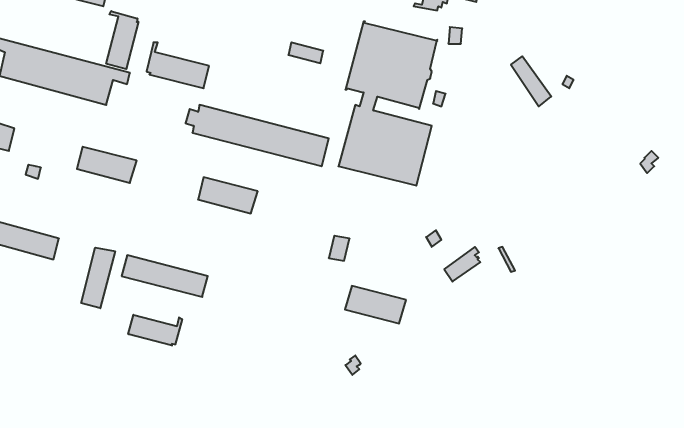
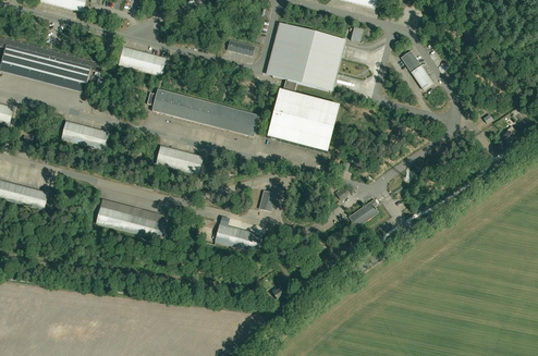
building: [106,11,138,69] -> none
building: [81,248,115,308] -> none
building: [345,286,406,324] -> [213,223,261,253]
building: [128,315,182,346] -> none

